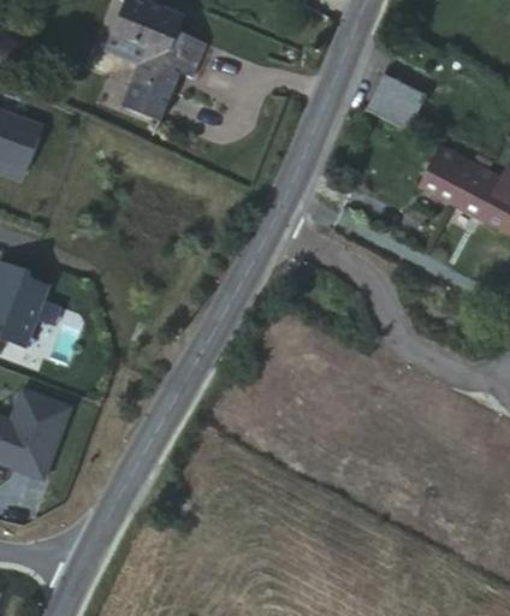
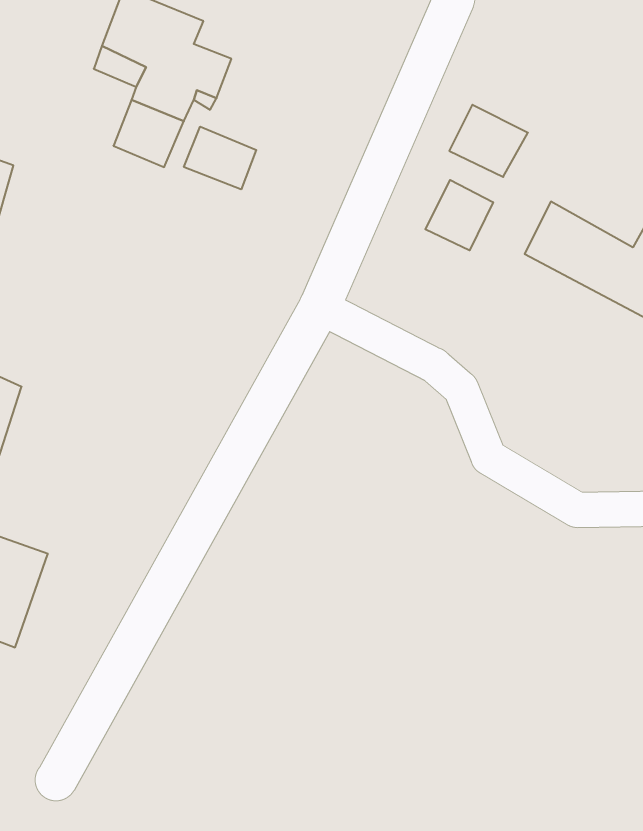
building: none -> [184,127,256,189]
building: none -> [425,180,493,250]

